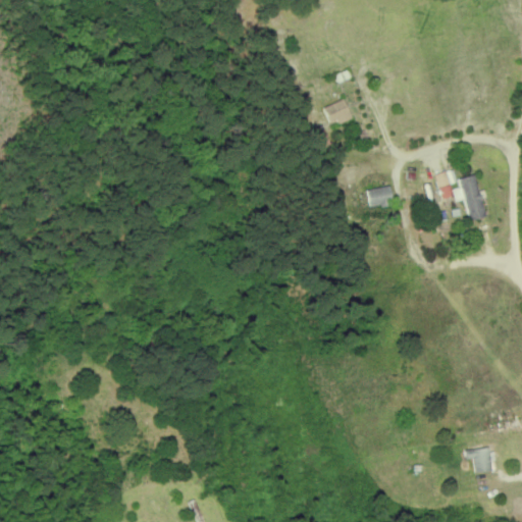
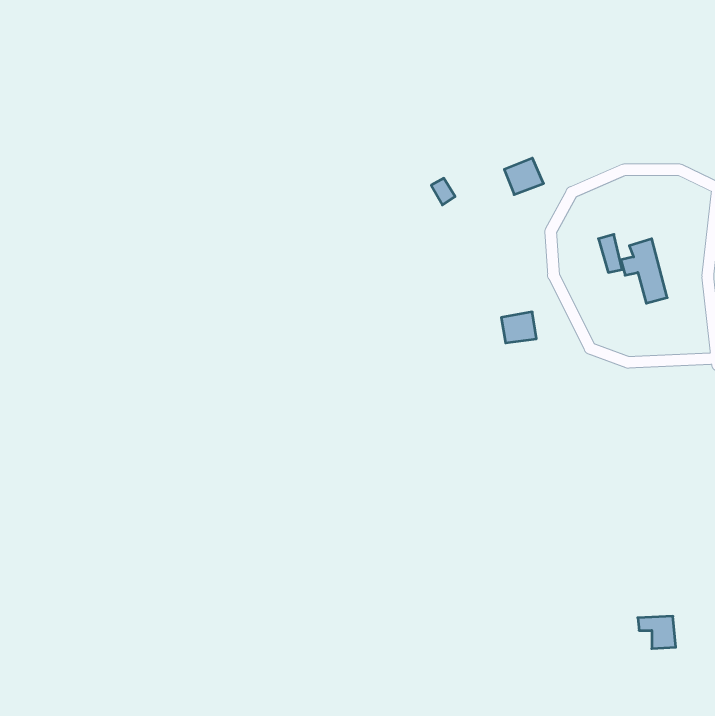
building: [324,99,353,125] -> [504,158,544,195]
building: [368,186,394,208] -> [501,312,536,343]

